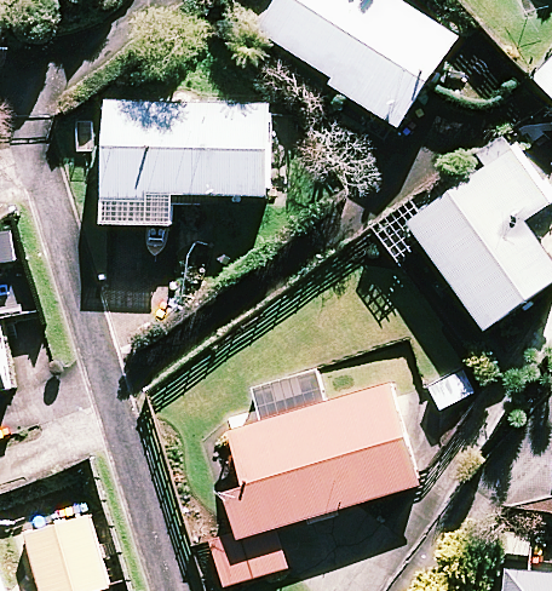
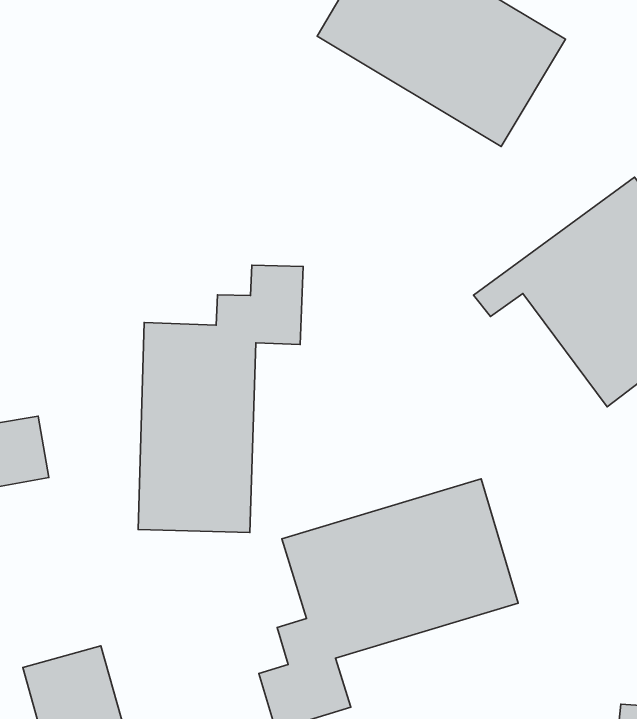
building: [103,101,268,225] -> none
building: none -> [138,265,303,532]

